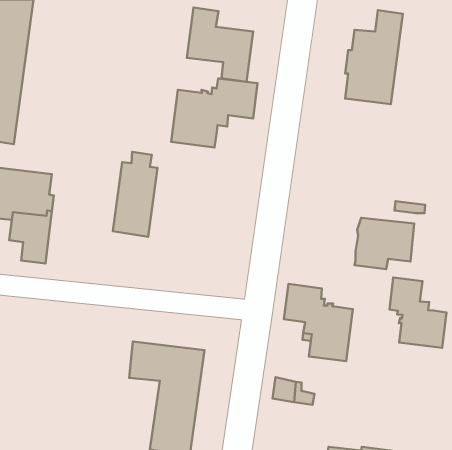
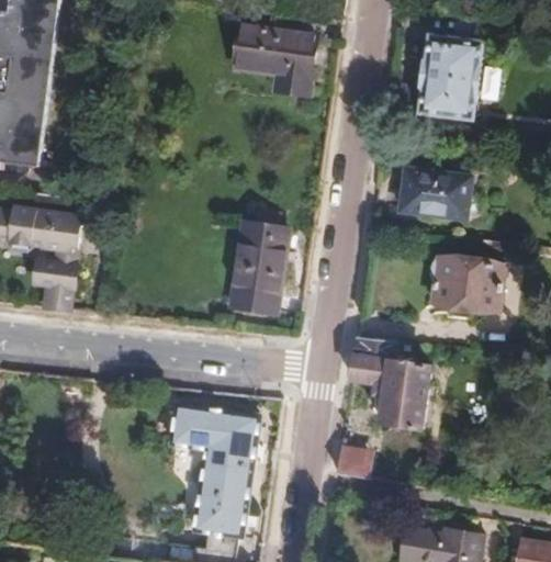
building: [171,79,257,147] -> none
building: none -> [404,168,483,218]
building: [113,152,157,237] -> [232,215,284,315]
building: [390,278,447,348] -> none

